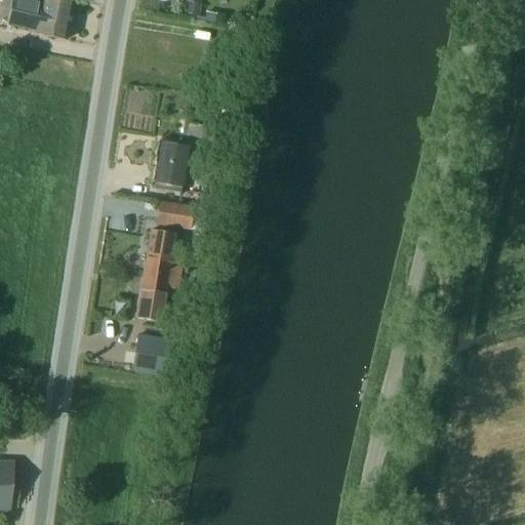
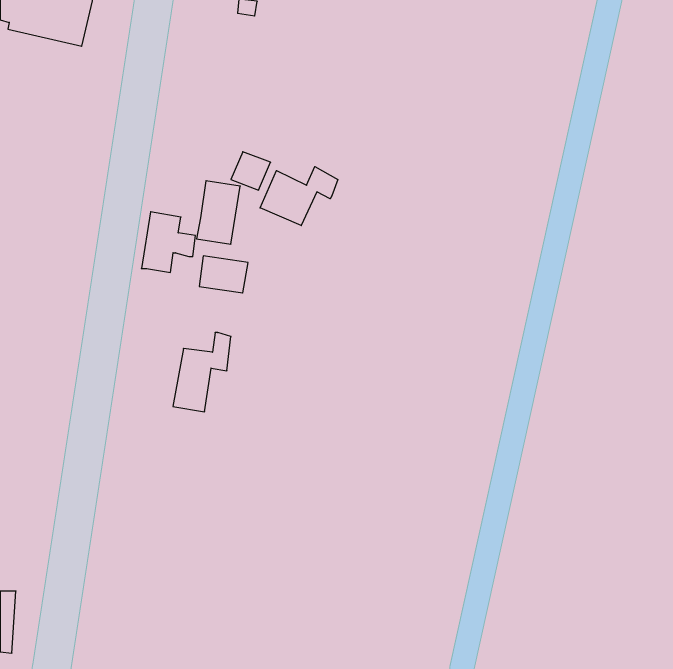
building: none -> [260,167,338,226]
building: [144,227,186,274] -> [141,212,195,272]
building: [131,332,181,376] -> none

